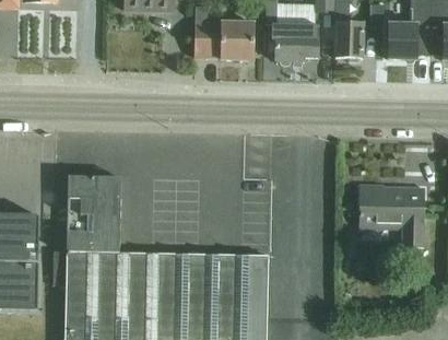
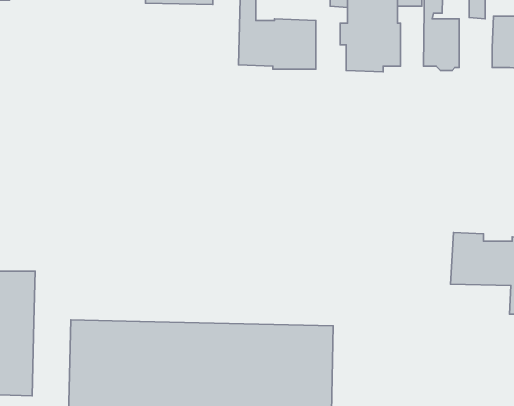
building: [67,175,121,251] -> none

